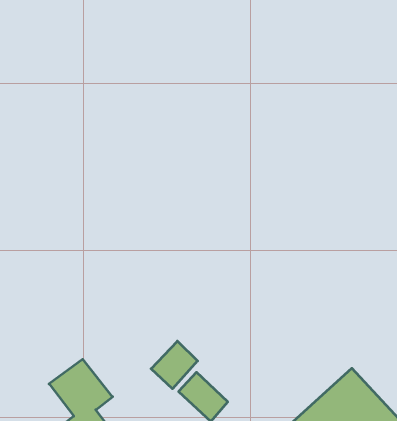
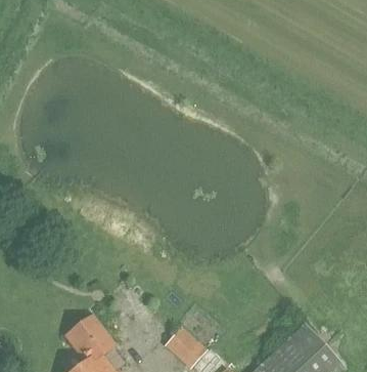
building: [151,341,198,389] -> none

